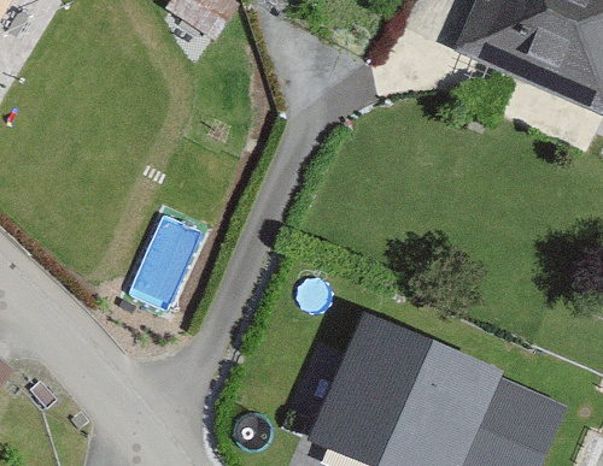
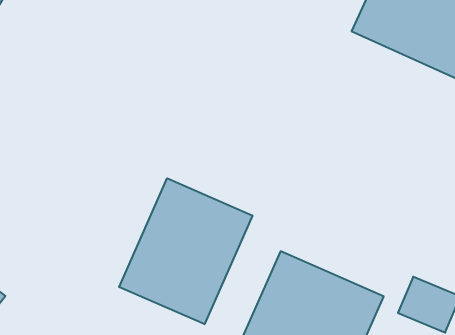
building: none -> [119,178,252,324]

